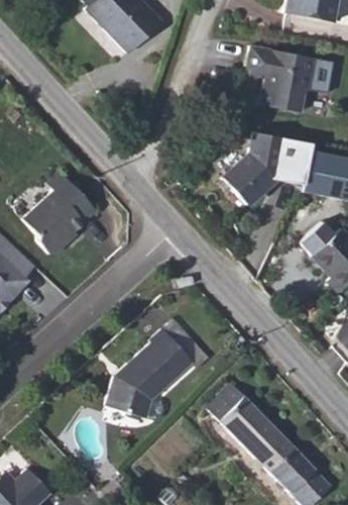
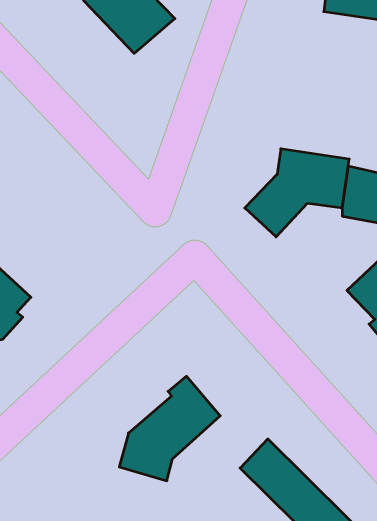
building: [245,47,316,110] -> none
building: [24,170,92,249] -> none

